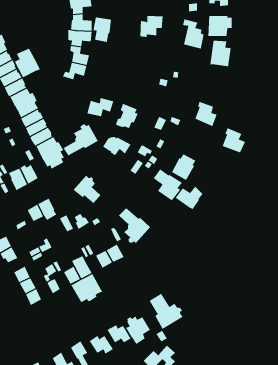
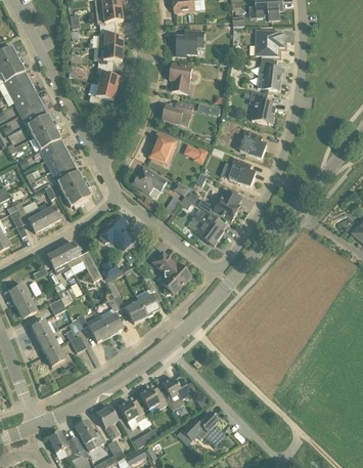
building: [92,17,112,42] -> [170,62,192,92]
building: [182,19,204,49] -> [251,89,276,124]
building: [14,48,41,78] -> none
building: [87,97,114,117] -> [163,100,194,123]
building: [63,123,99,156] -> none
building: [222,128,246,153] -> [229,157,257,186]
building: [175,186,203,210] -> none
building: [71,273,103,303] -> none
building: [149,293,183,330] -> none

